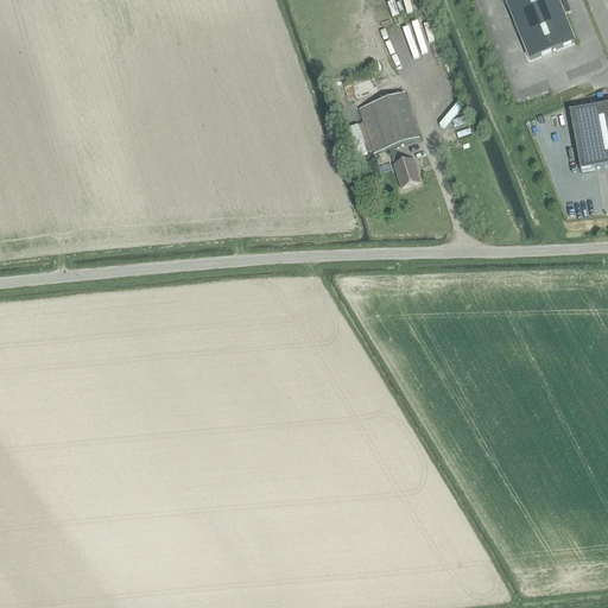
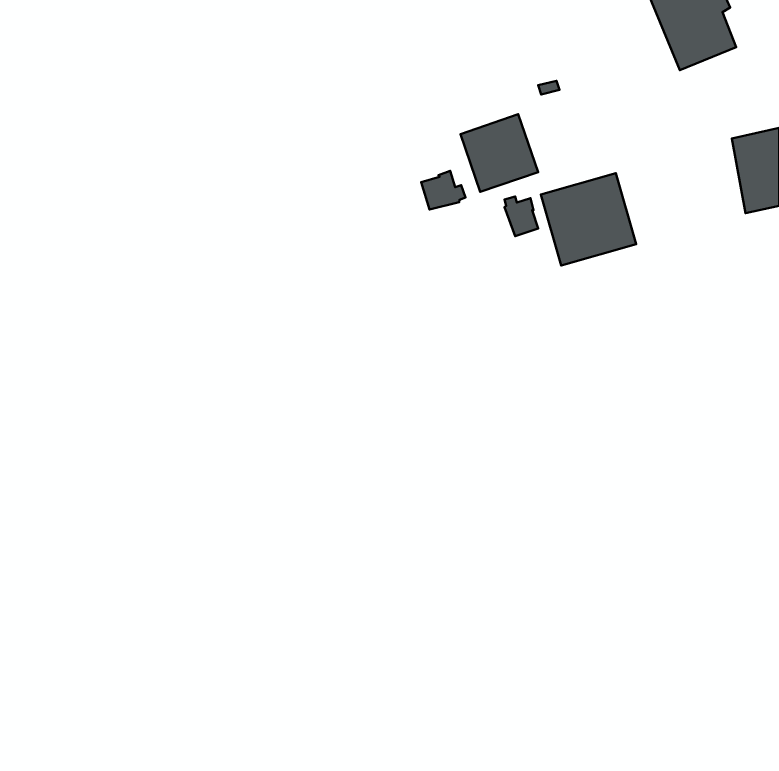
building: none -> [421,171,465,210]
building: none -> [541,173,636,266]

